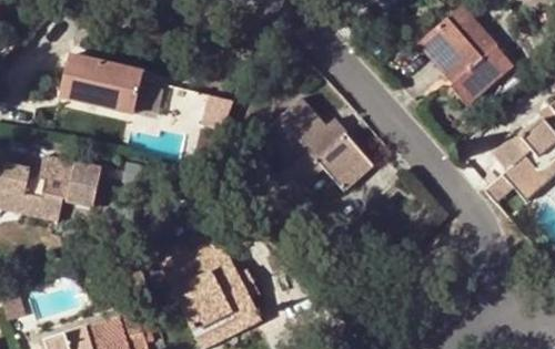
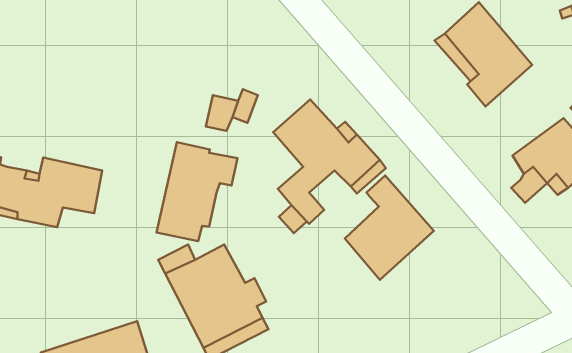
building: [62,54,145,114] -> none
building: none -> [157,142,238,241]
building: none -> [345,175,434,280]

